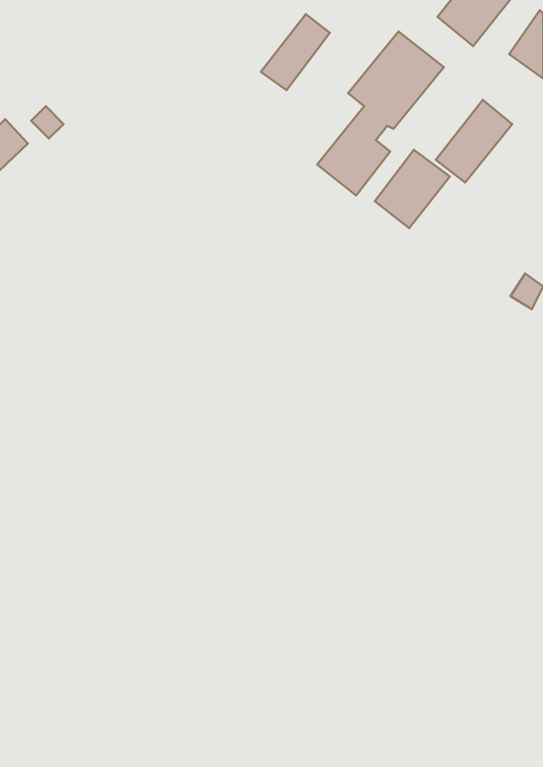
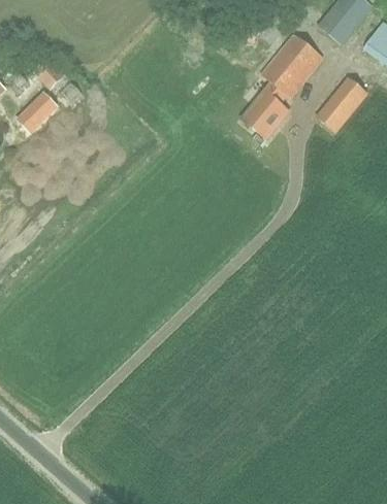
building: [261,14,330,90] -> none
building: [375,150,450,228] -> none

